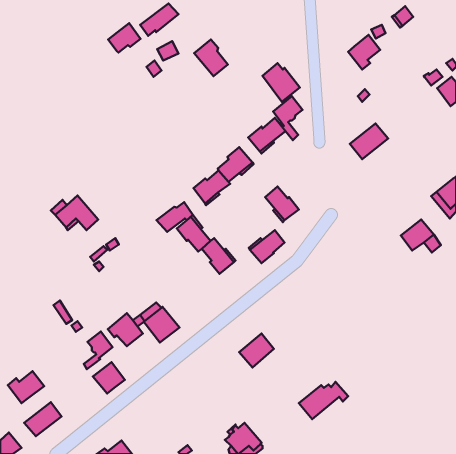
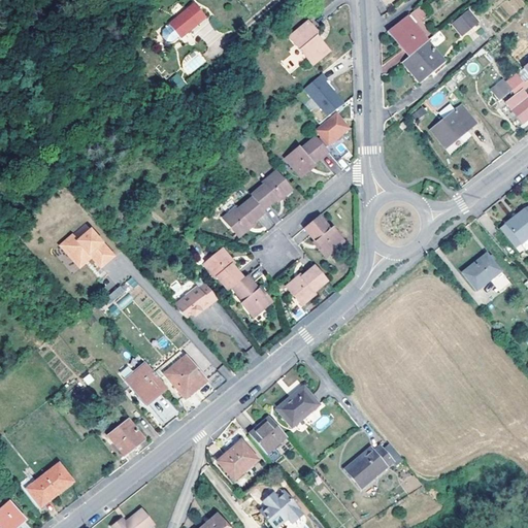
building: none -> [388,13,426,54]
building: [108,23,141,53] -> none
building: [194,40,228,76] -> [290,22,329,64]
building: [350,123,388,159] -> [430,104,474,145]
building: [156,202,193,232] -> [173,282,216,316]
building: [84,332,112,369] -> none
building: none -> [249,415,286,452]
building: [8,371,44,403] -> none
building: none -> [218,440,257,478]

